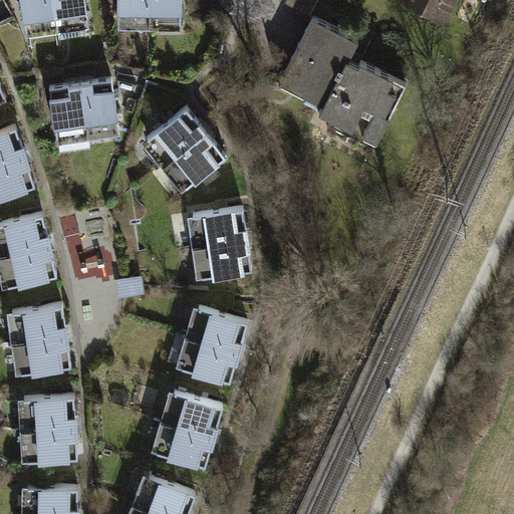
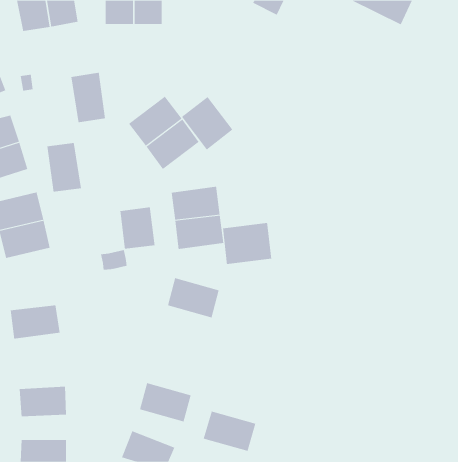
building: [277,20,406,149] -> none
building: [47,85,86,141] -> [46,142,82,192]
building: none -> [181,96,233,150]
building: none -> [120,207,155,250]
building: none -> [222,222,272,265]
building: [7,306,62,344] -> none
building: [177,339,236,383] -> none
building: [163,394,222,439] -> [203,411,256,452]
building: [19,397,73,432] -> none

